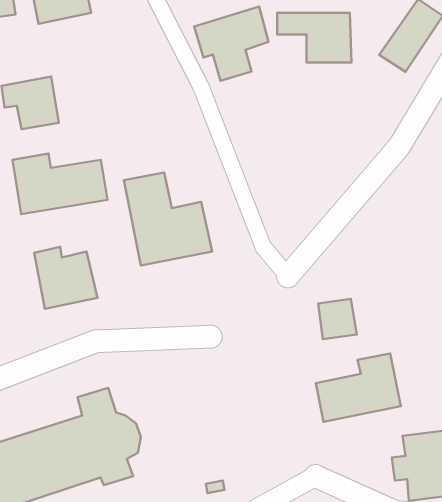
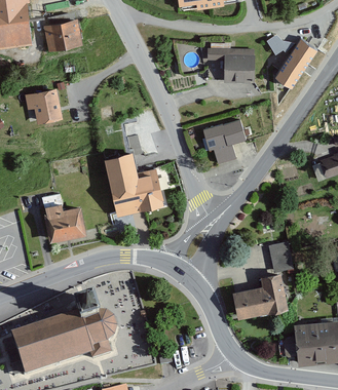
building: [194,6,269,81] -> [199,115,249,164]
building: [13,153,107,214] -> none
building: [318,299,357,339] -> [266,242,292,269]

